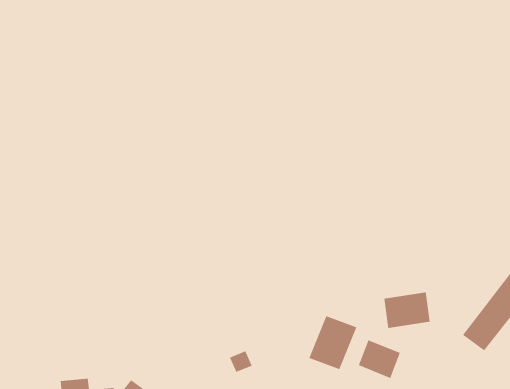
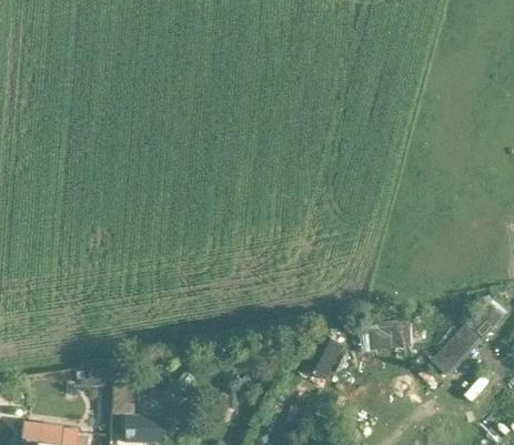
building: [358,340,401,379] -> none

